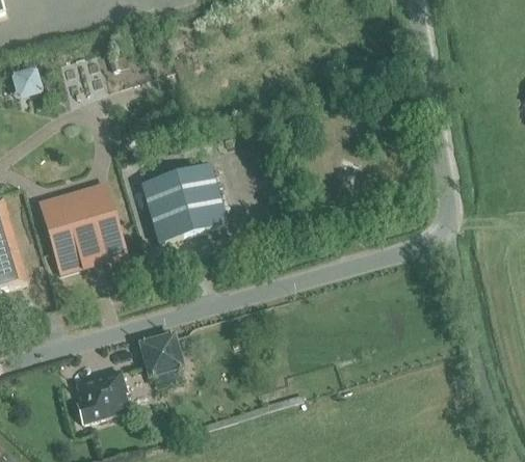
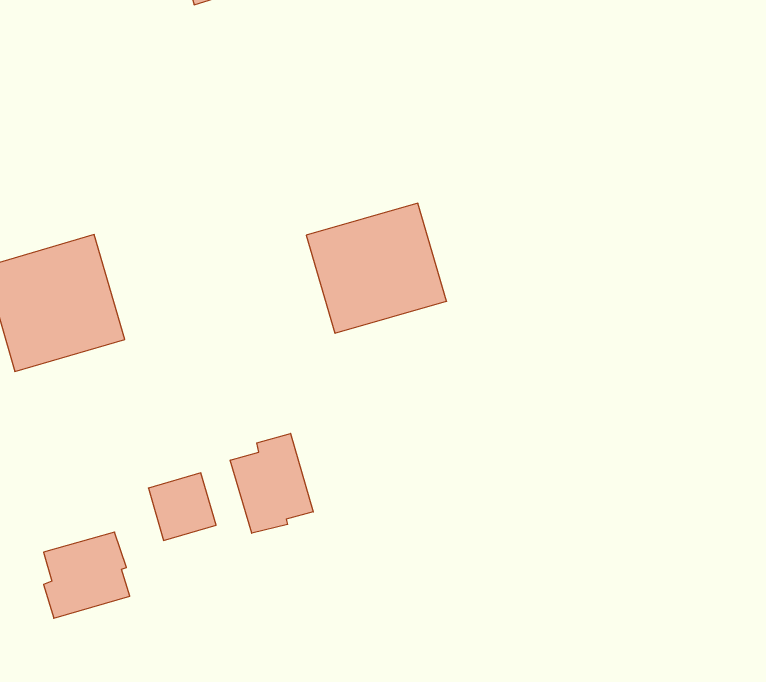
building: [141,161,228,241] -> [306,203,447,333]
building: none -> [230,433,313,533]

